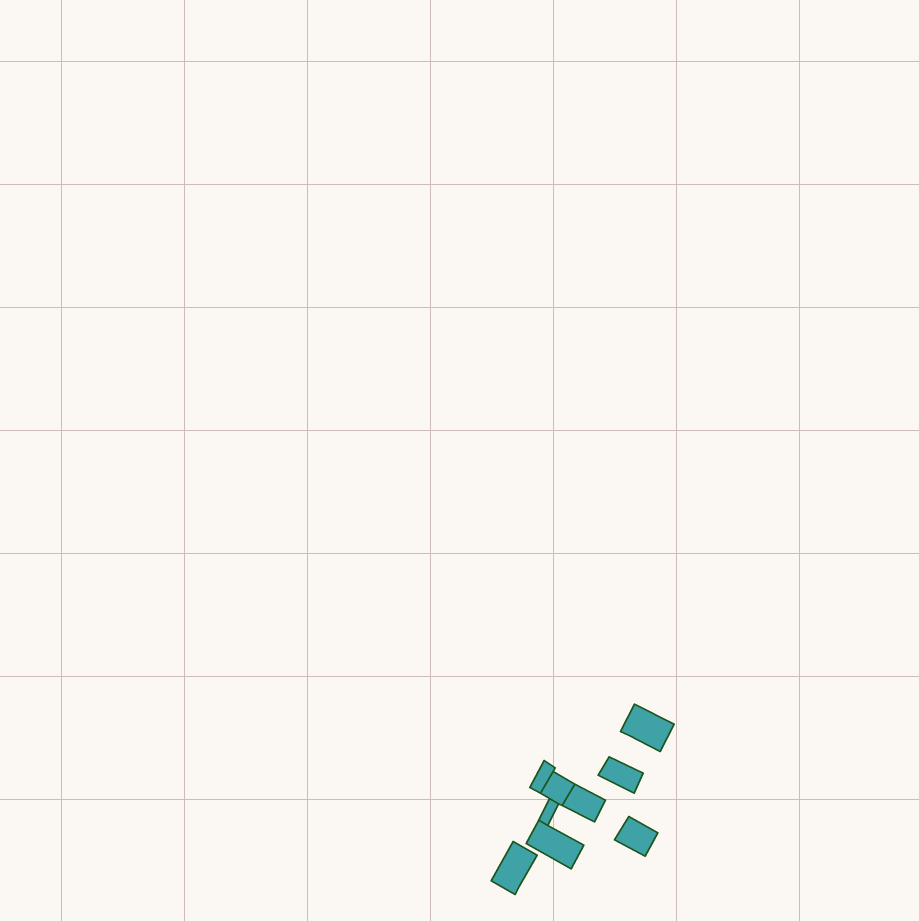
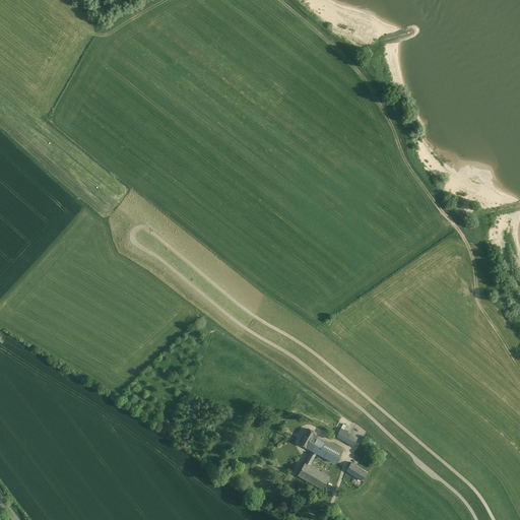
building: [620,704,674,751] -> none
building: [491,841,537,895] -> none

